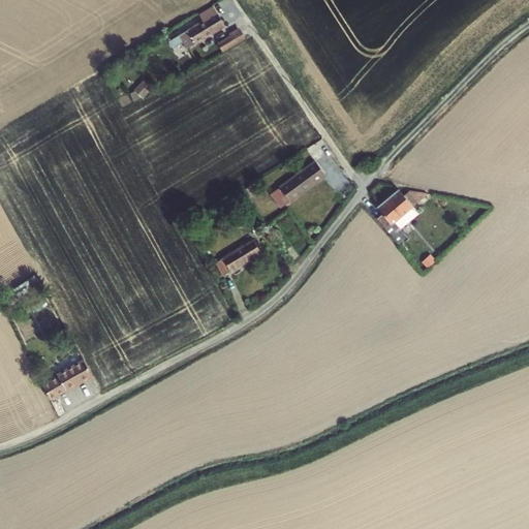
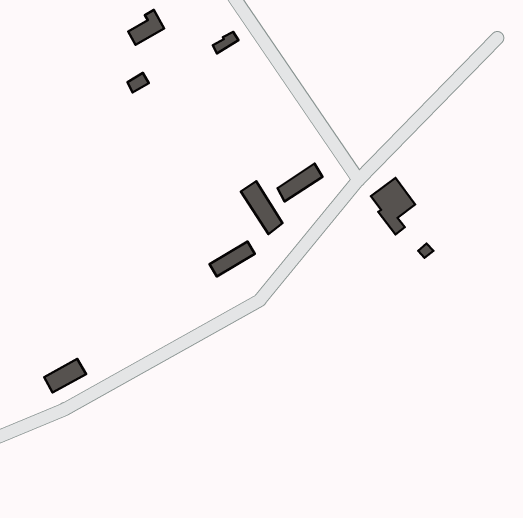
building: [183,11,219,46] -> [128,10,164,45]
building: none -> [241,181,283,234]

